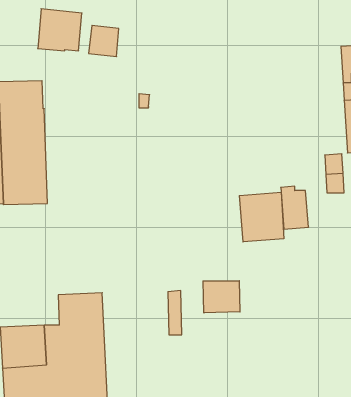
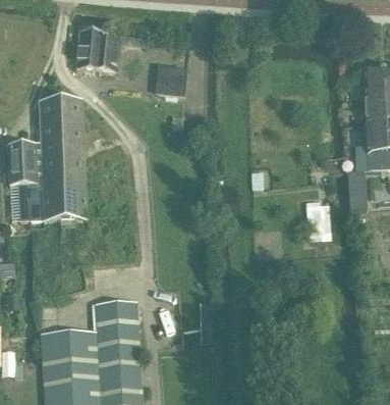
building: [89,25,119,57] -> [157,64,185,94]
building: [239,192,284,242] -> none
building: [203,281,240,313] -> none

